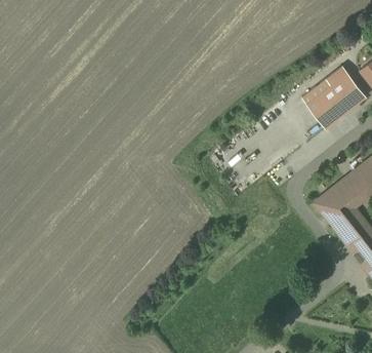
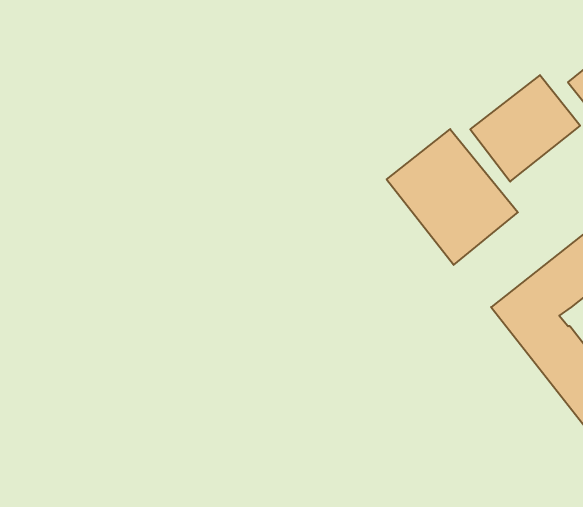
building: none -> [387,129,518,265]

